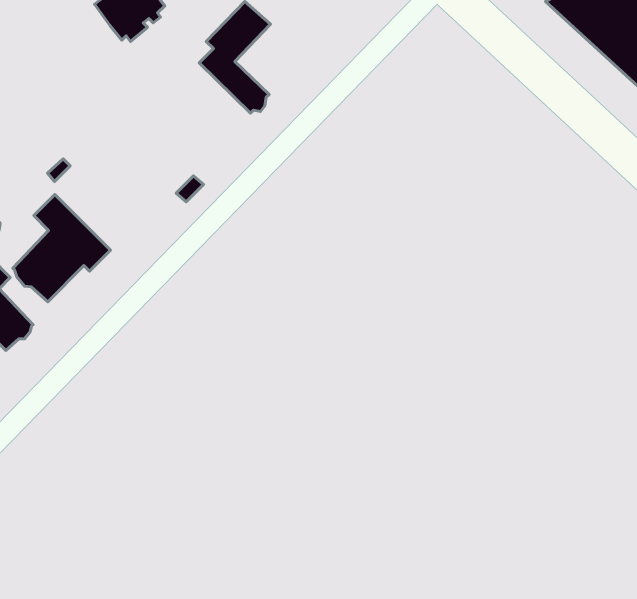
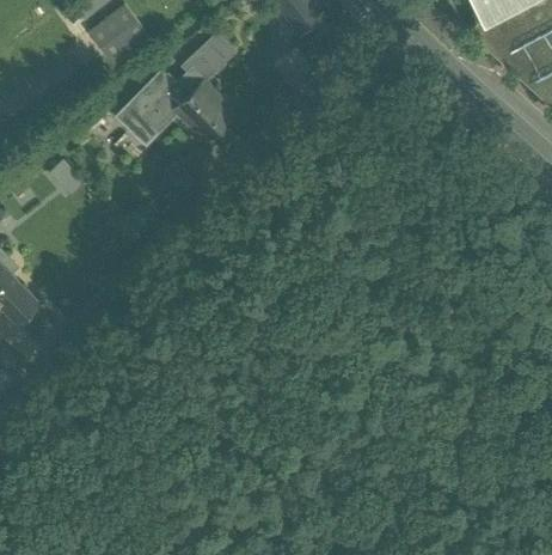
building: none -> [117,67,221,142]
building: [13,194,111,302] -> none

